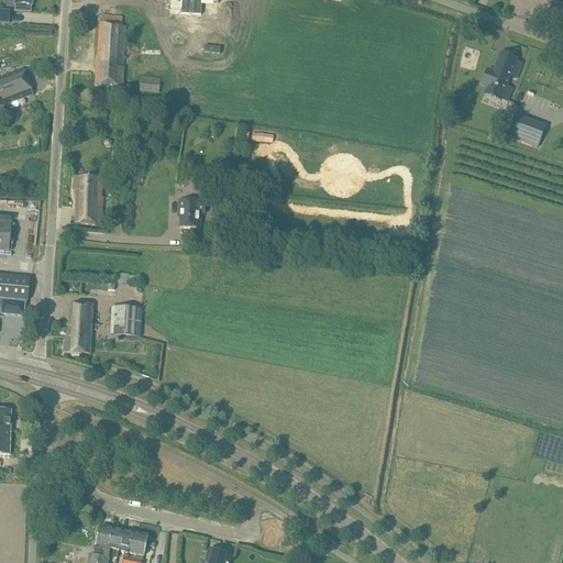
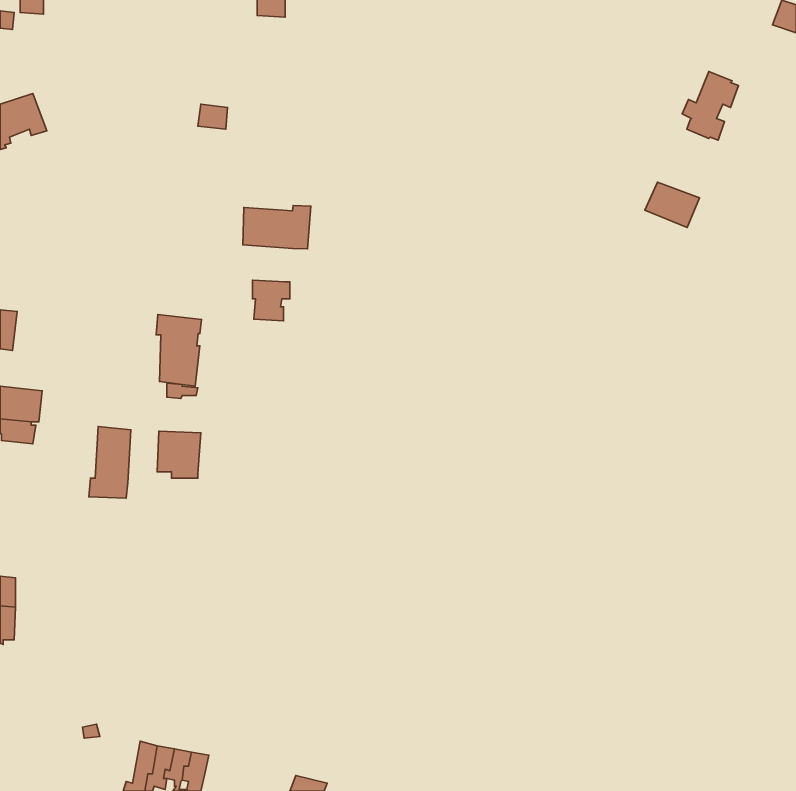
building: [96,21,125,84] -> none
building: [507,113,545,145] -> [645,182,700,227]
building: none -> [243,205,311,249]
building: [73,174,104,224] -> [156,315,201,386]

